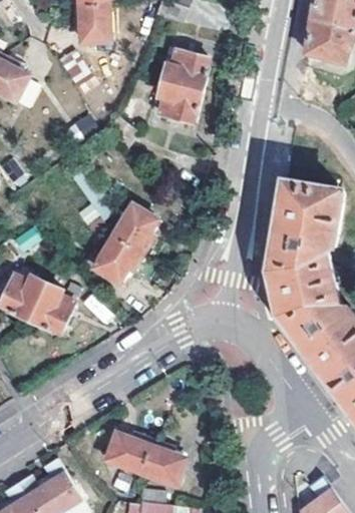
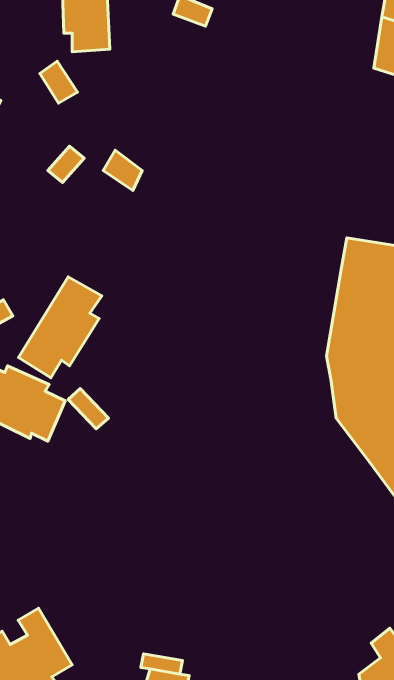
building: [154,51,206,123] -> none
building: [92,209,154,285] -> [18,277,102,378]
building: [101,431,179,483] -> none

